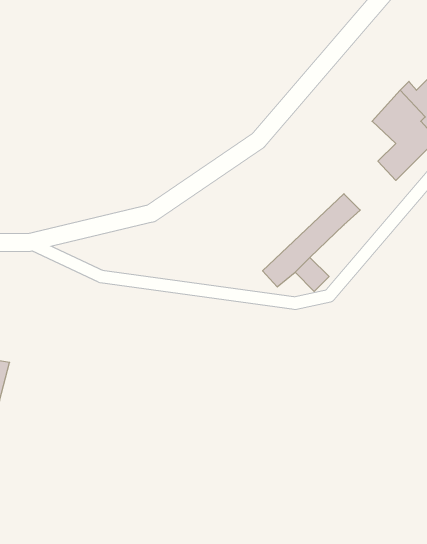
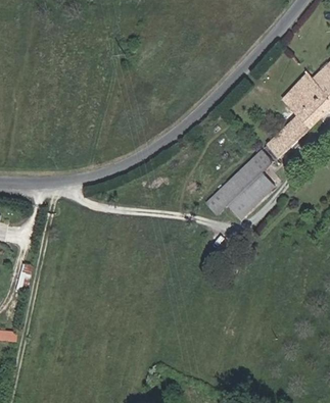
building: none -> [265,127,299,159]
building: none -> [240,170,277,206]

